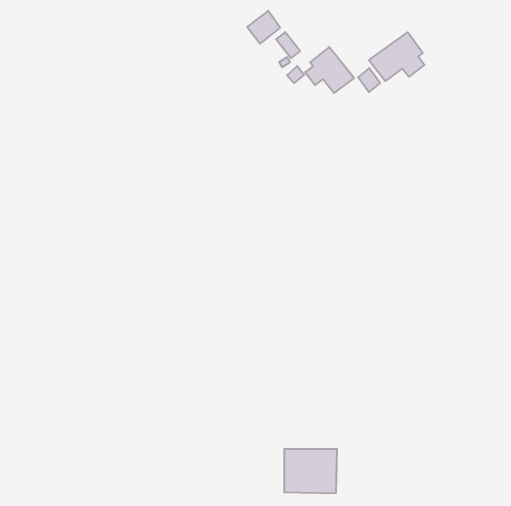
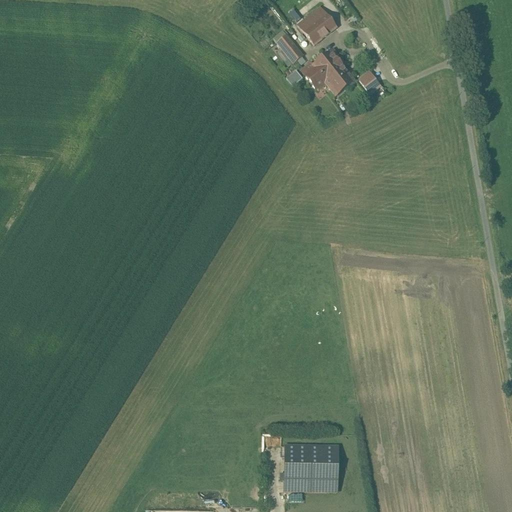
building: [247,11,280,44] -> [299,5,332,38]
building: [369,32,425,81] -> none

